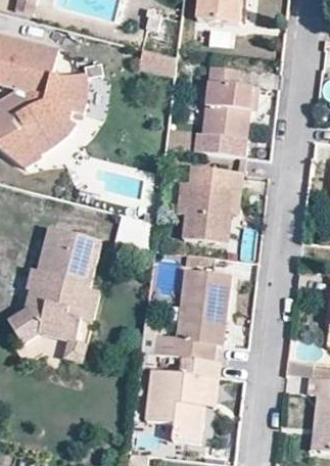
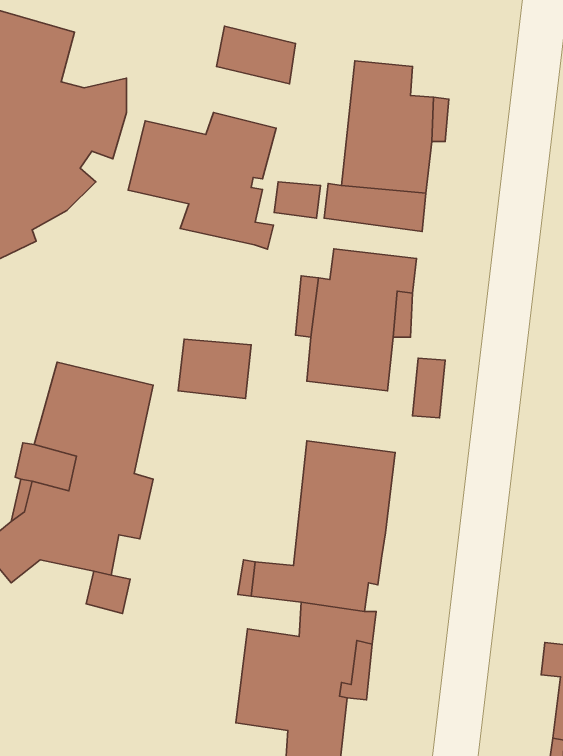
building: none -> [128,113,276,249]

